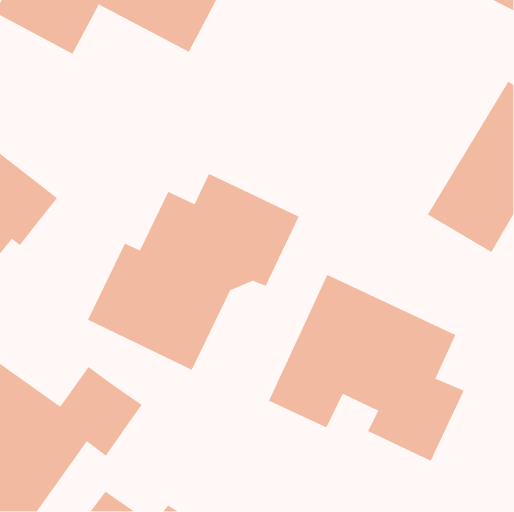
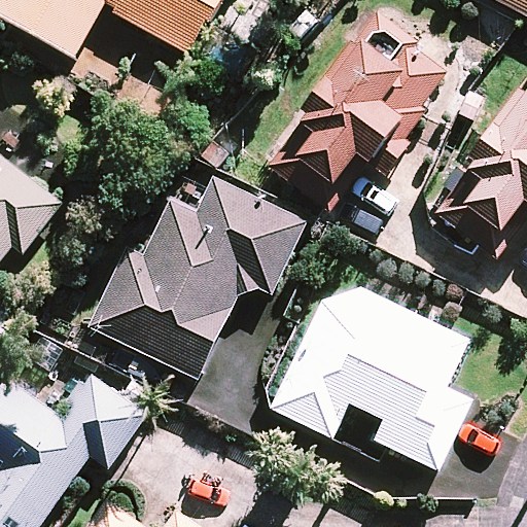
building: none -> [267,9,445,208]

